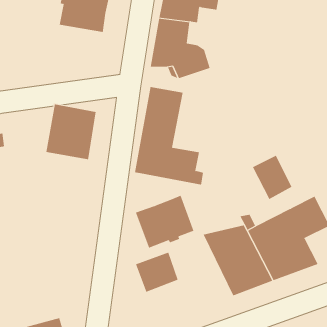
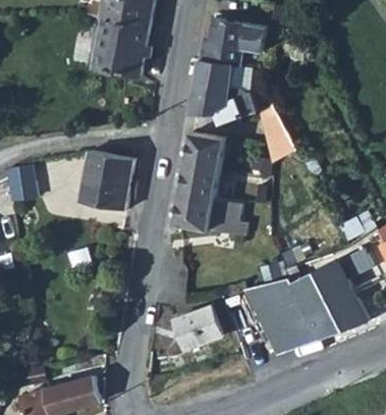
building: none -> [259,106,294,163]
building: [252,155,292,200] -> none
building: [135,195,194,249] -> none

